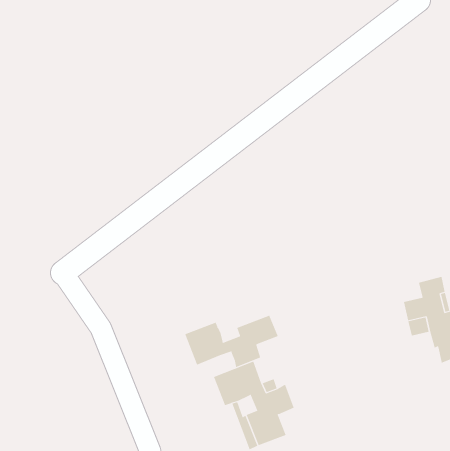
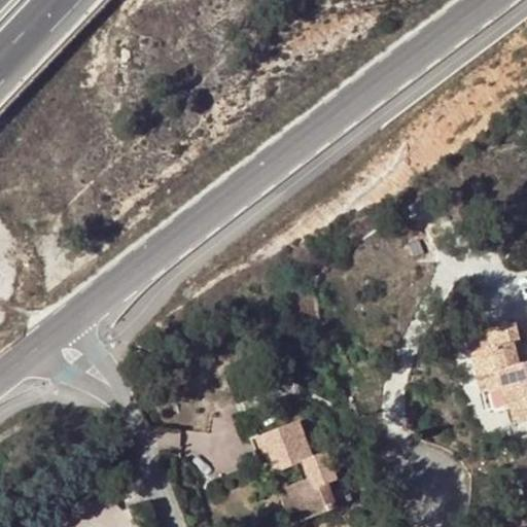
building: [185,315,279,368] -> none

